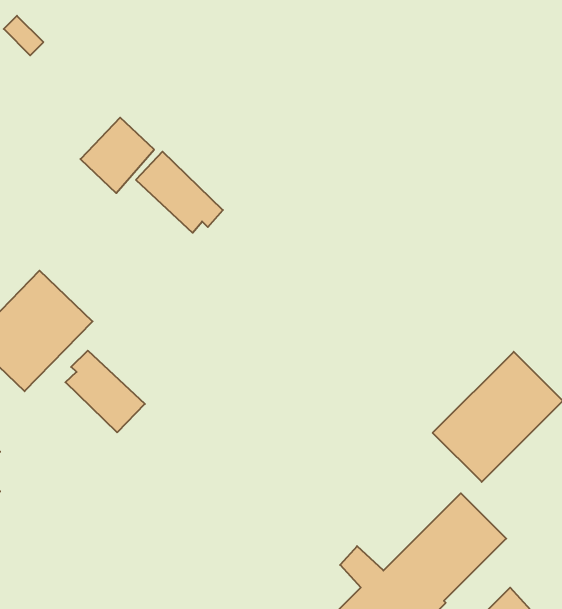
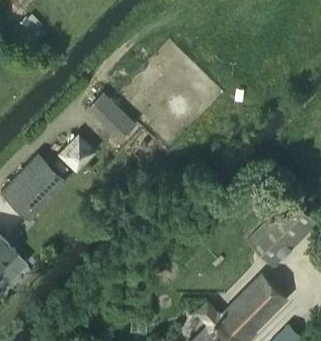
building: [80,118,154,193] -> [56,134,95,174]
building: [65,351,145,432] -> none

